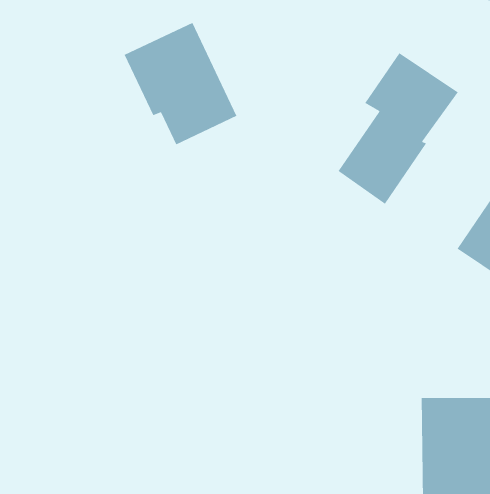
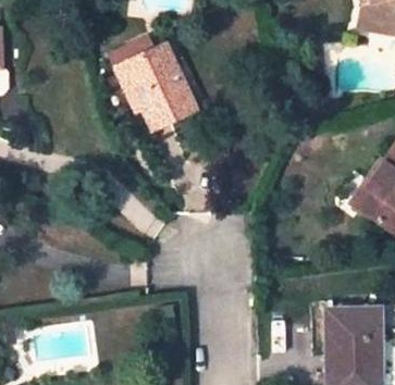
building: [337,52,459,205] -> none

